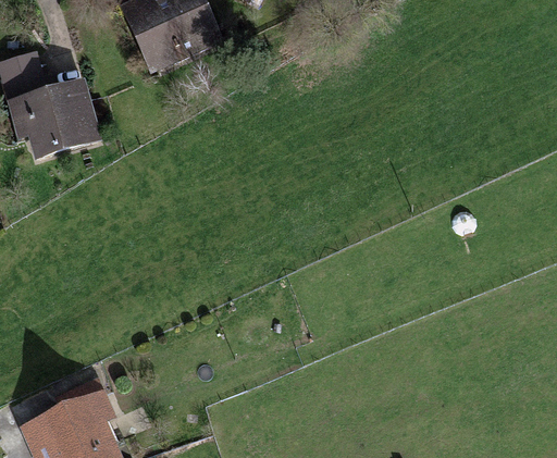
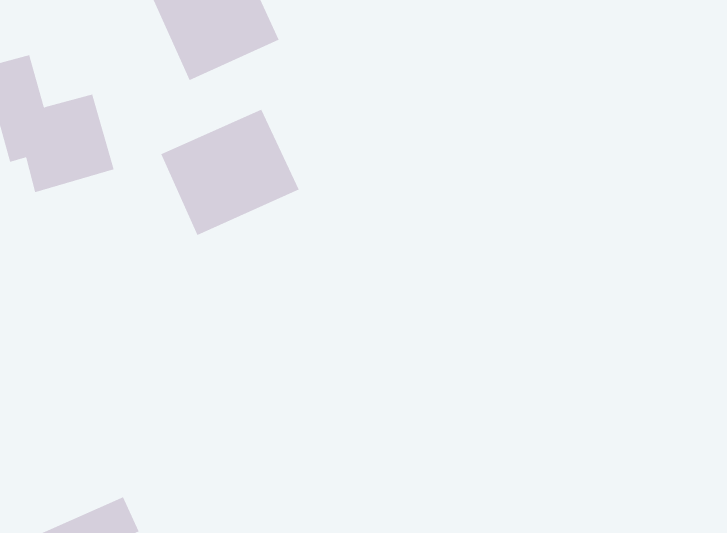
building: none -> [160,109,299,236]

